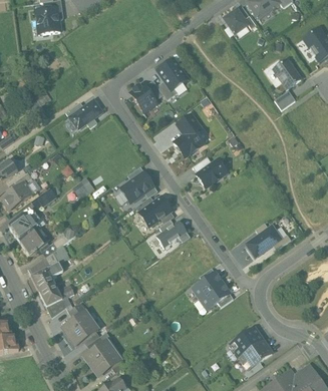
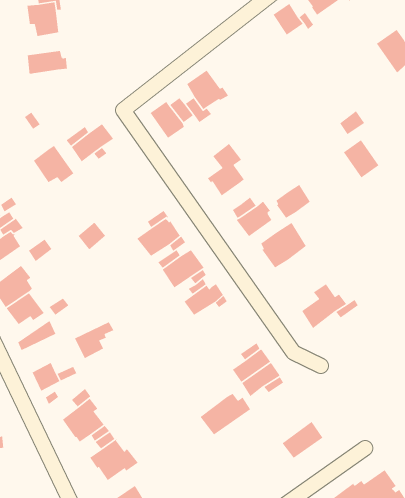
building: none -> [27,50,68,75]
building: [273,59,301,89] -> [343,139,380,179]
building: none -> [33,145,75,183]
building: none -> [275,184,311,219]
building: none -> [260,222,307,268]
building: [31,262,62,291] -> [74,321,115,359]
building: none -> [200,393,251,436]
building: [240,341,272,370] -> none

